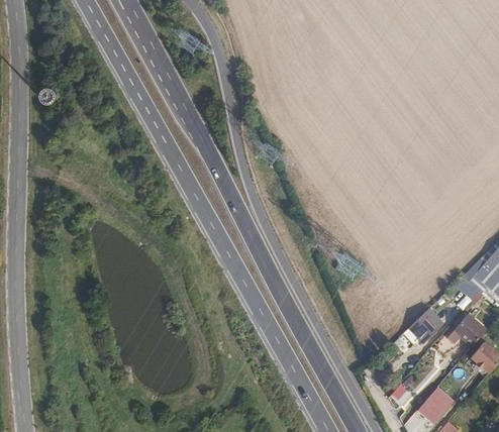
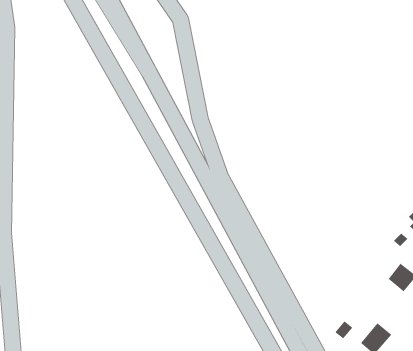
building: [411,314,438,341] -> none

